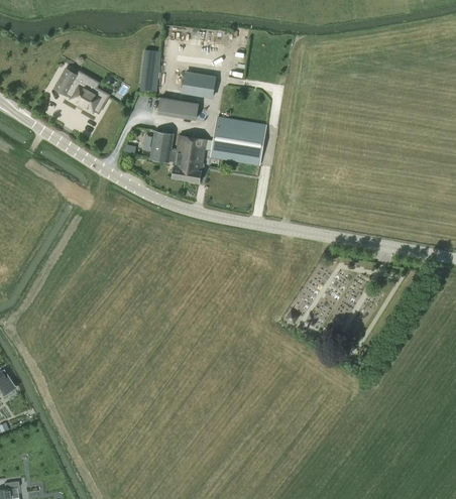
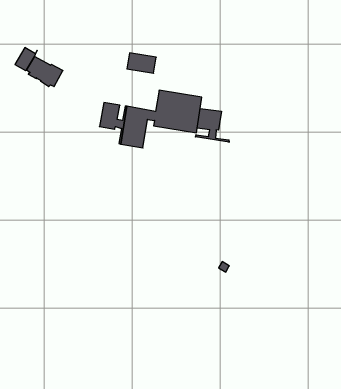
building: [140,50,160,92] -> none
building: [158,98,199,119] -> none
building: none -> [195,109,229,142]

